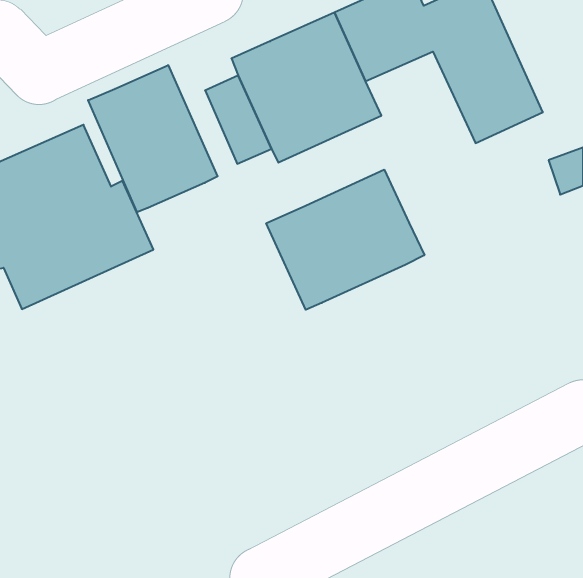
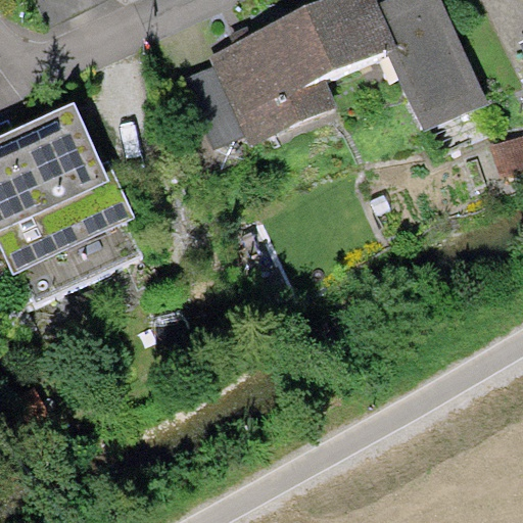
building: [88,65,218,212] -> none
building: [266,170,424,310] -> none

